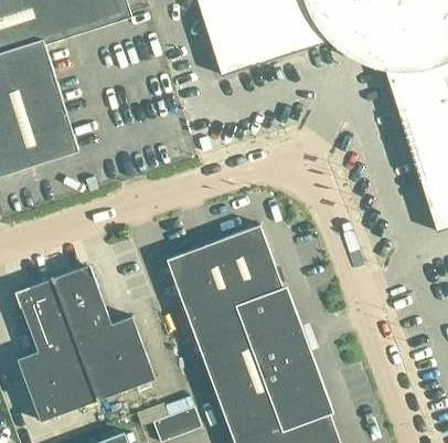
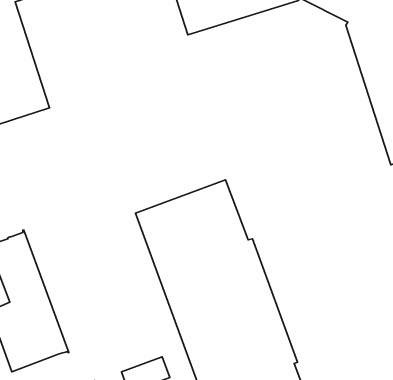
building: [52,265,156,401] -> none

